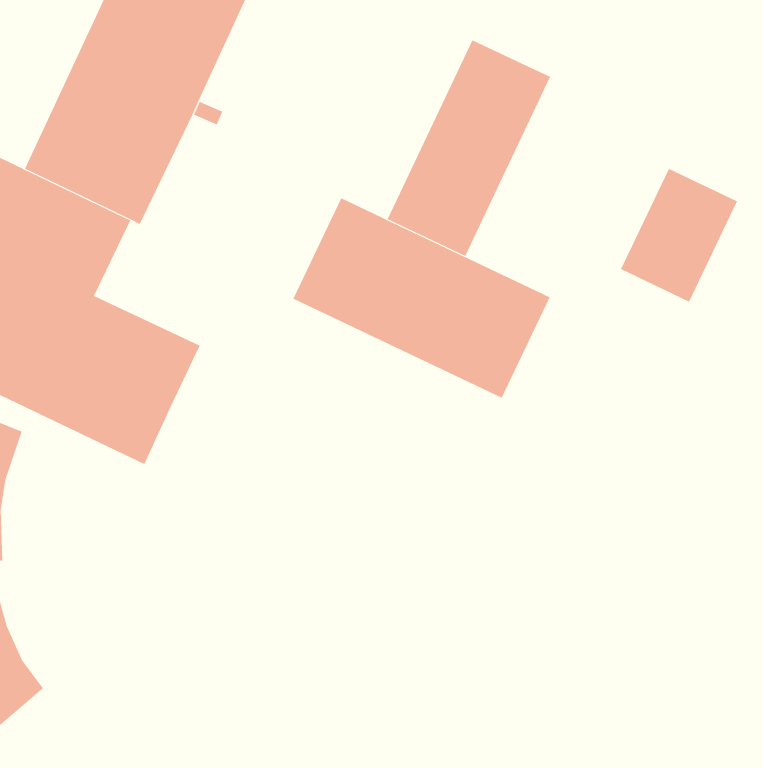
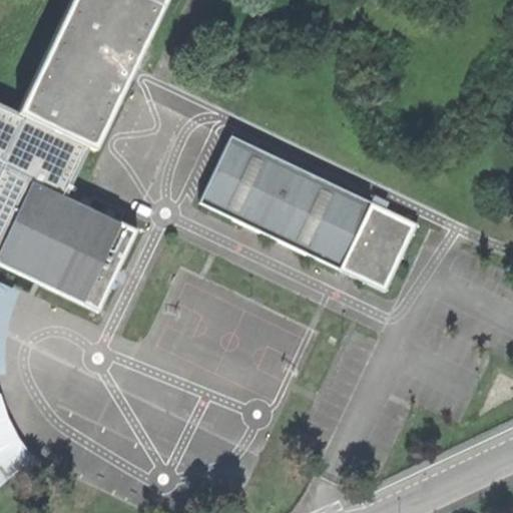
building: [387,39,551,257] -> none
building: [620,168,738,302] -> [334,197,412,287]

